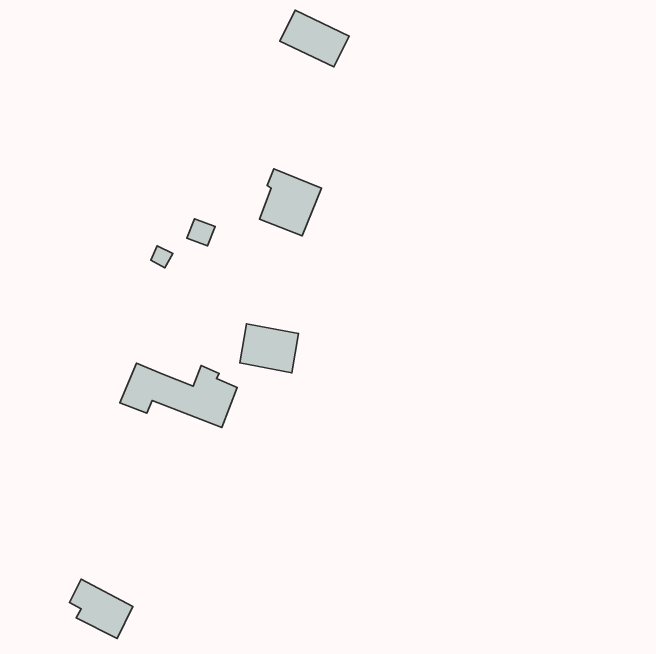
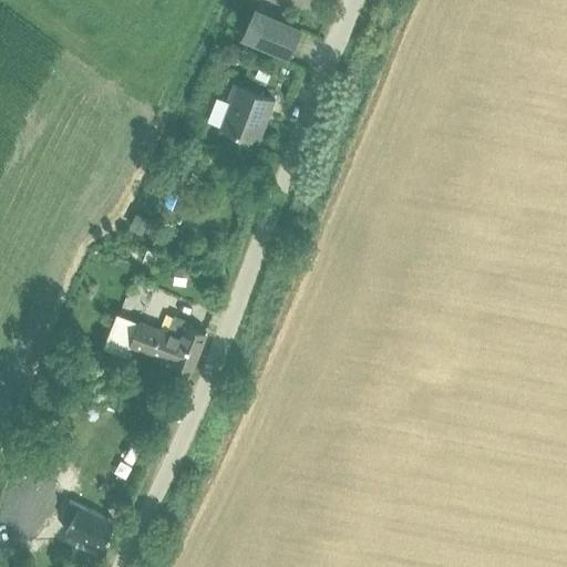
building: [260,169,321,236] -> [220,87,274,145]
building: [240,324,299,373] -> none

